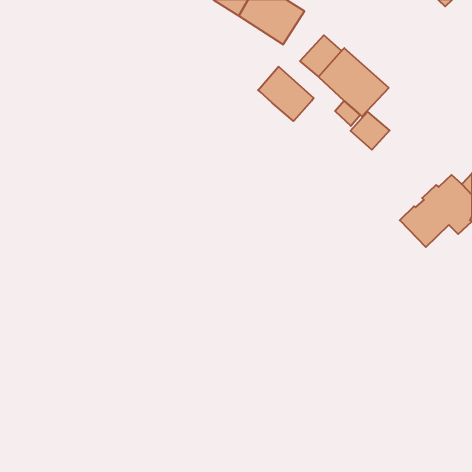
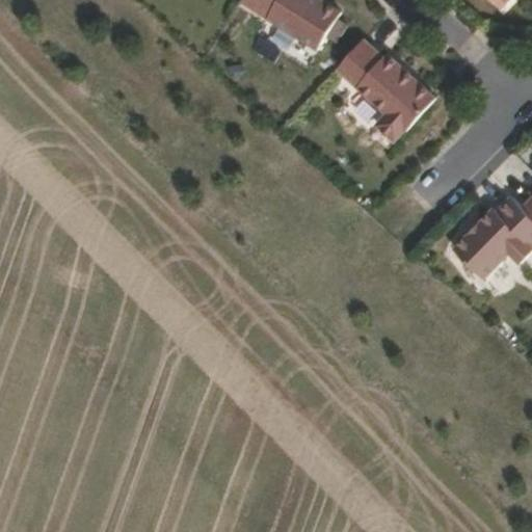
building: [258,67,314,121] -> none
building: [351,112,390,150] -> none

